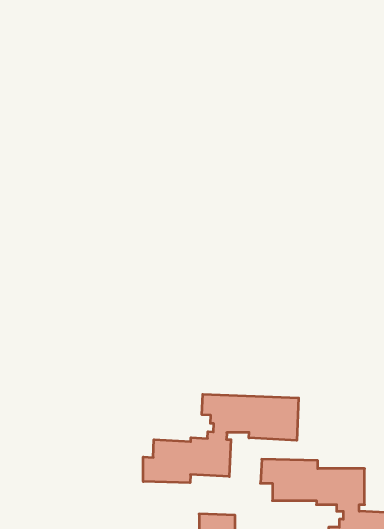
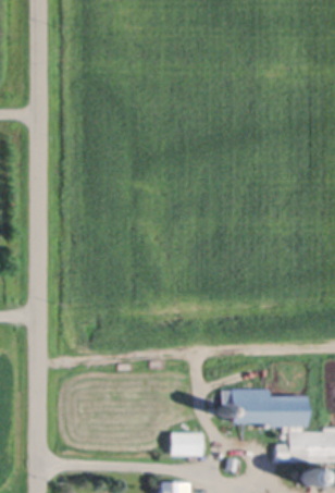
building: [143,394,299,483] -> none

